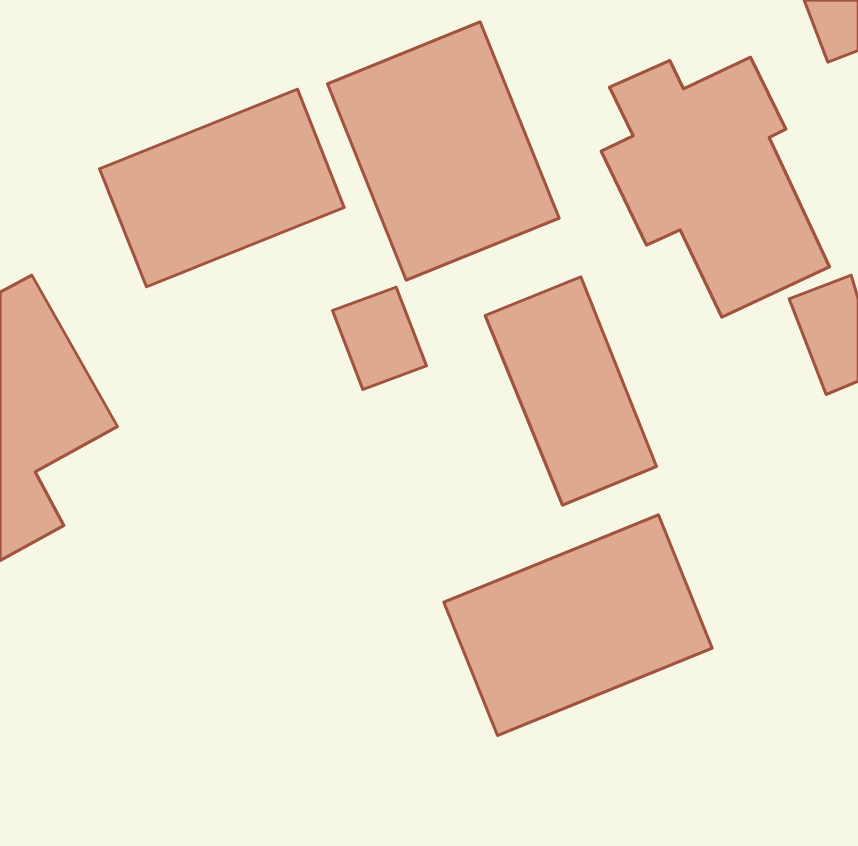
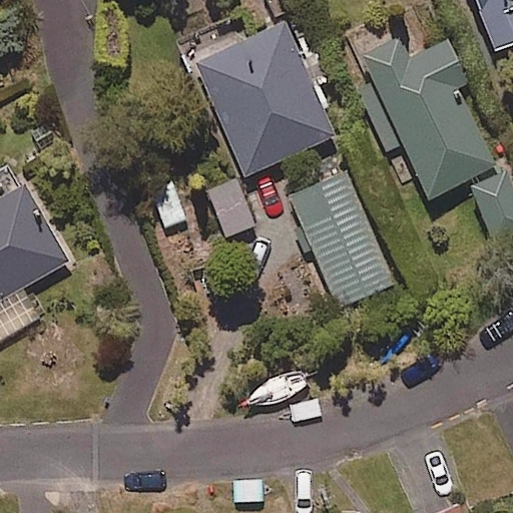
building: [100,89,344,287] -> none
building: [444,515,712,736] -> none

